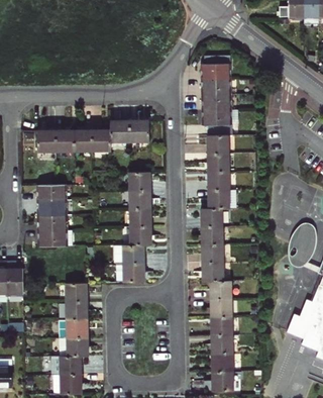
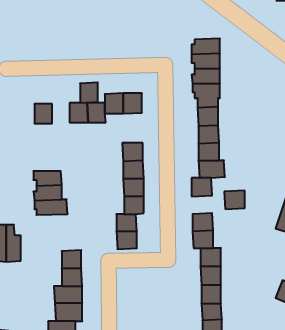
building: [57,129,75,151] -> [80,82,98,103]
building: [37,184,66,200] -> none
building: [201,225,222,244] -> [224,191,245,209]

